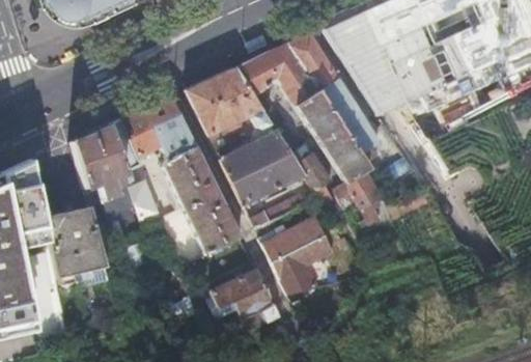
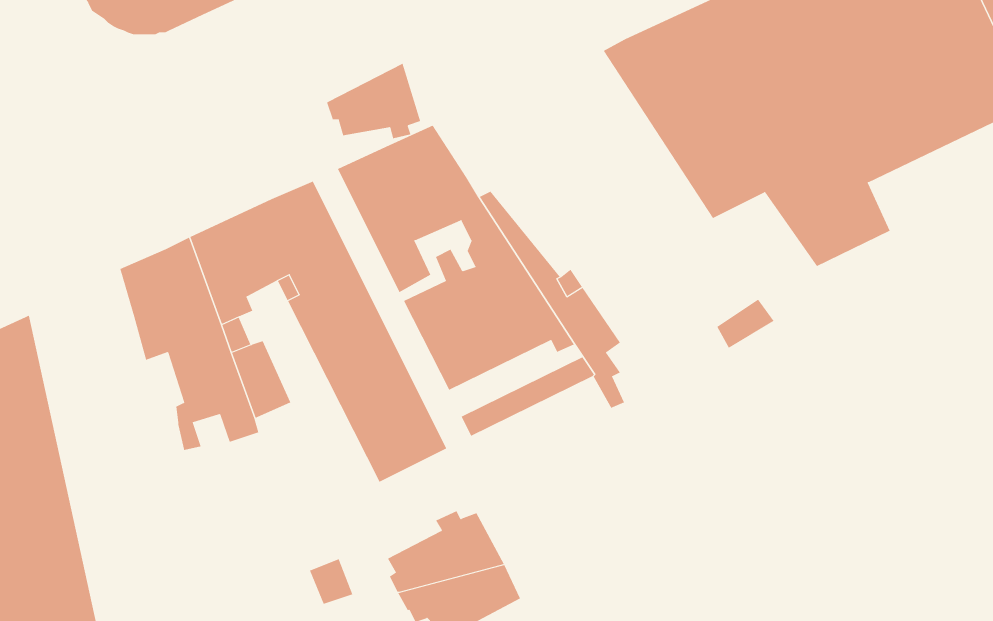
building: [233,33,379,223] -> none
building: none -> [326,63,421,139]
building: [41,205,106,279] -> none
building: [257,216,332,291] -> none

